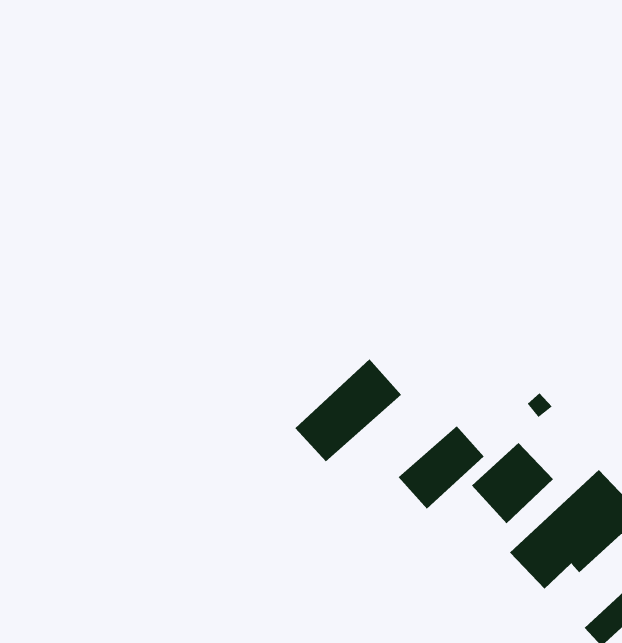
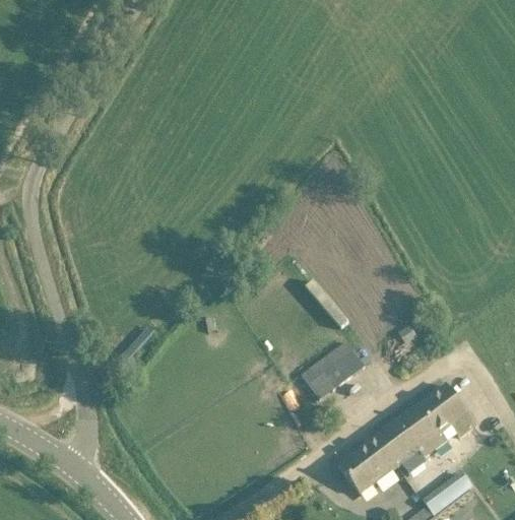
building: [294,359,402,462] -> none
building: [471,442,554,524] -> [337,439,397,497]

